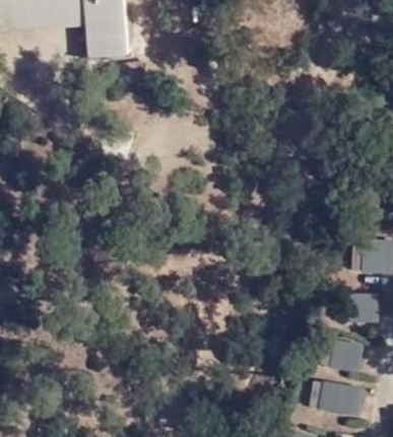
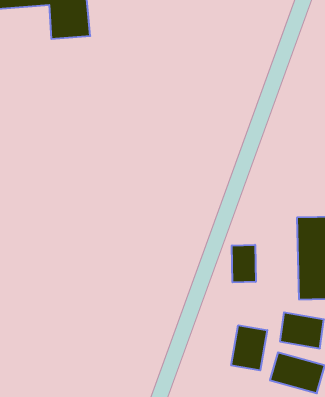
building: none -> [232,245,256,282]
building: none -> [231,325,267,370]

